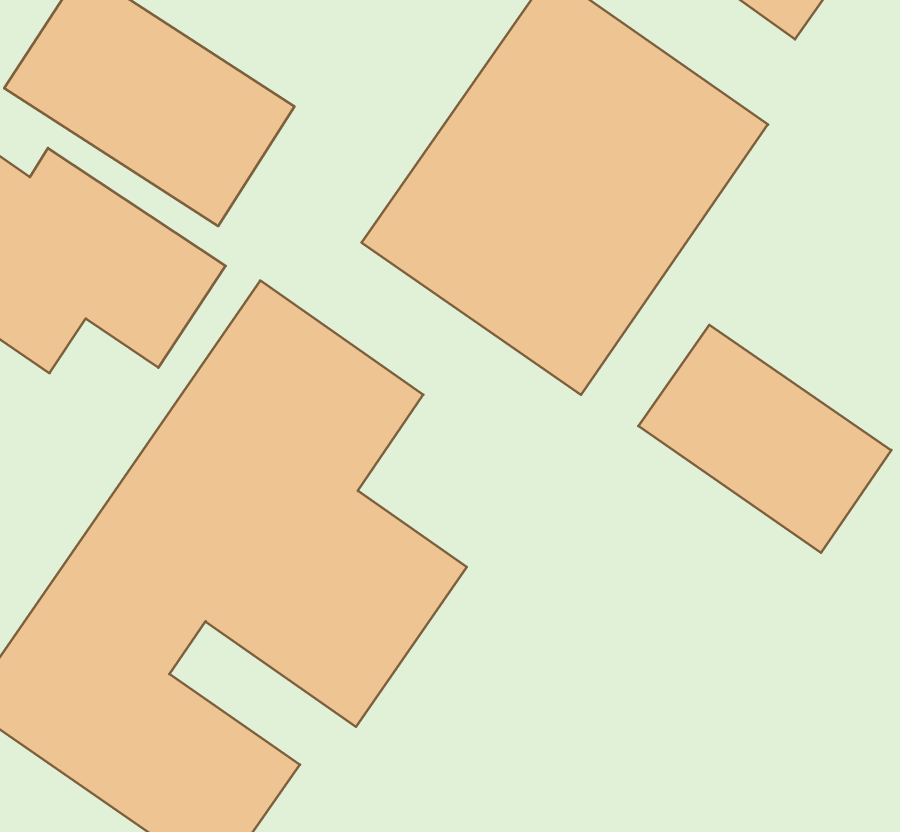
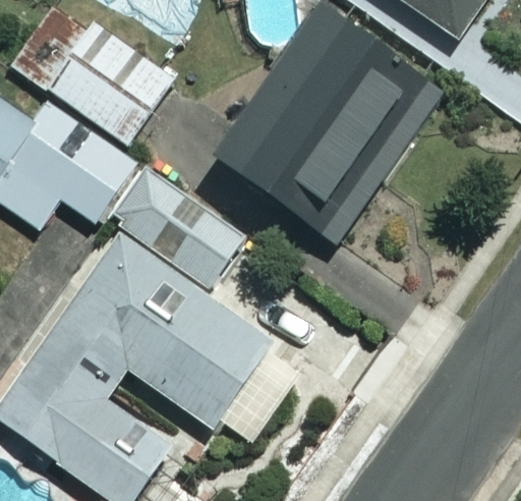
building: [638,325,891,553] -> none

